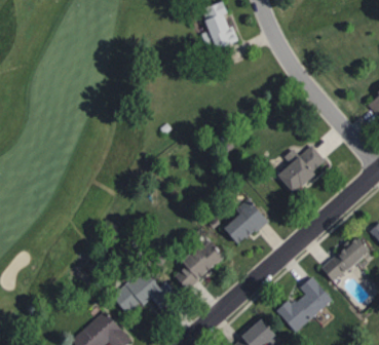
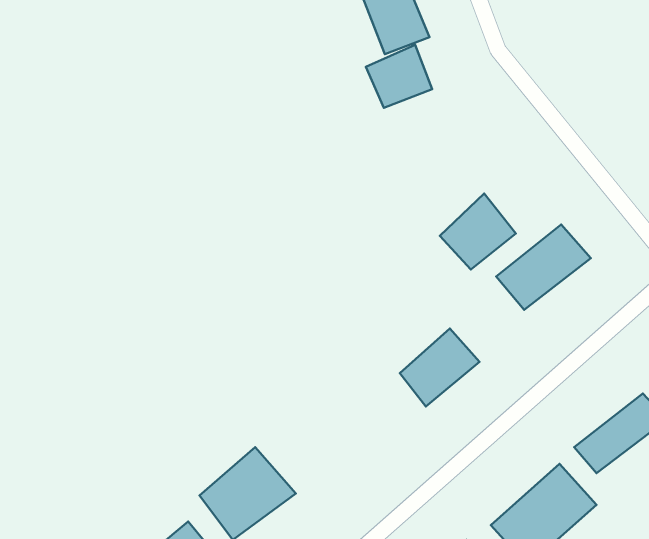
building: none -> [366,45,432,108]
building: none -> [440,194,516,270]
building: [173,241,225,291] -> none

